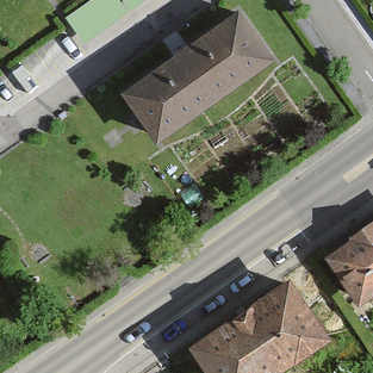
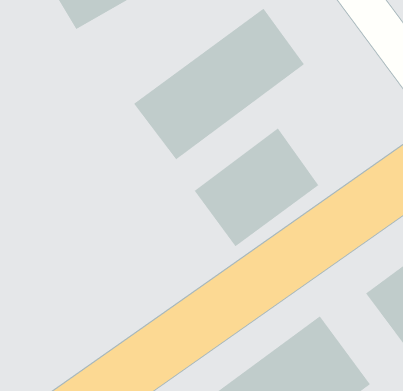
building: none -> [194,127,319,247]

